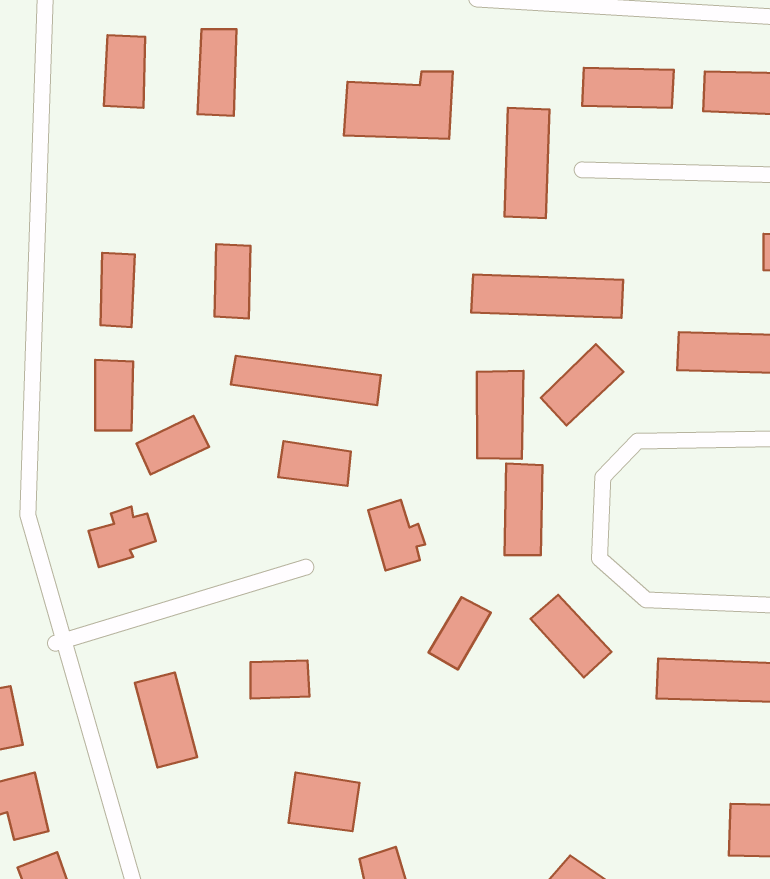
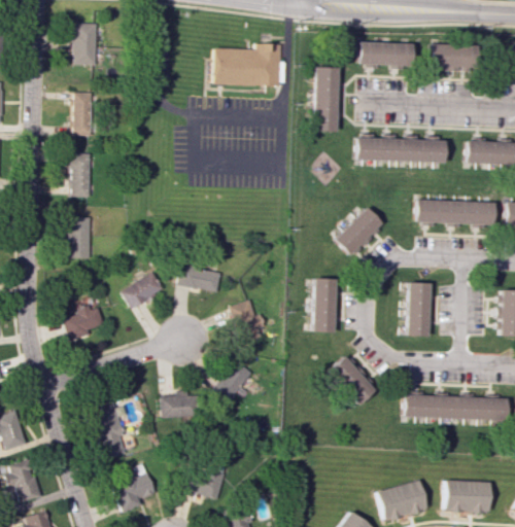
building: [198,29,236,116] -> none
building: [214,244,251,318] -> [73,92,95,136]
building: [471,275,623,318] -> [355,137,446,163]
building: [231,356,381,405] -> none
building: [477,371,523,459] -> none
building: [137,416,209,474] -> [121,273,164,308]
building: none -> [407,282,432,337]
building: [429,597,491,670] -> [214,360,251,403]
building: none -> [113,465,158,513]
building: none -> [376,480,428,521]

